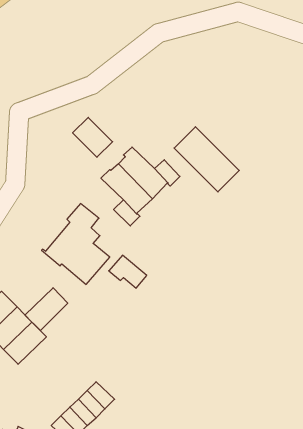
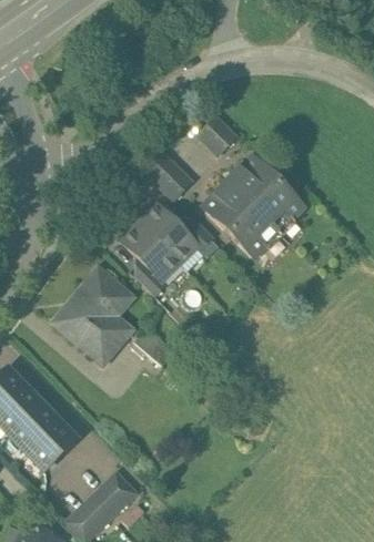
building: none -> [200,115,236,152]
building: none -> [230,155,304,229]
building: [73,117,113,157] -> [146,151,192,196]
building: [25,288,68,331] -> [28,419,77,468]

